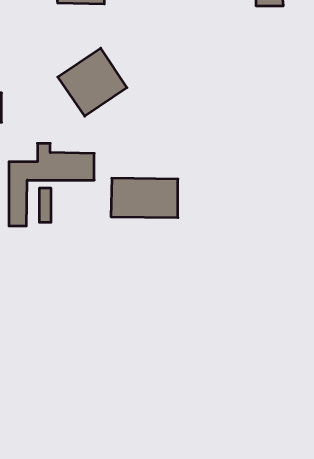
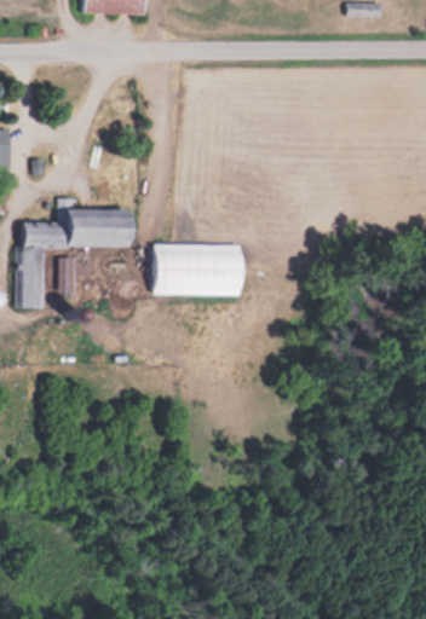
building: [58,48,127,116] -> none

